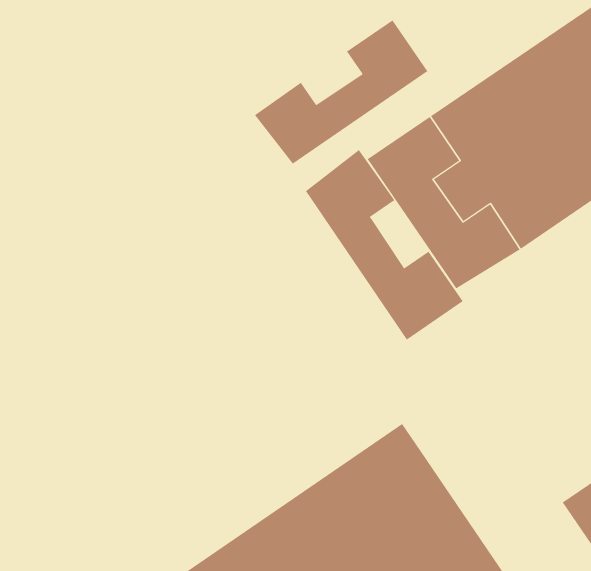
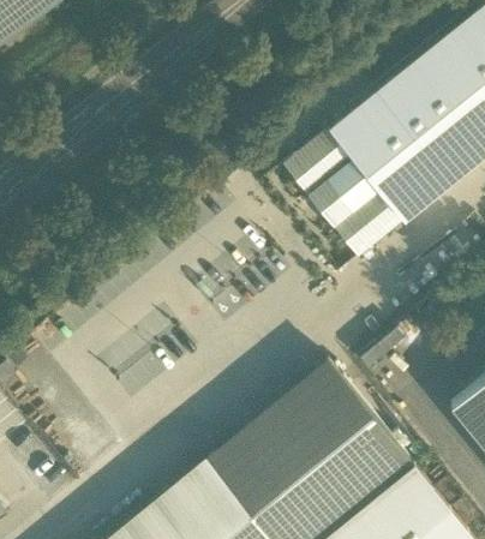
building: [254,19,428,164] -> none
building: [305,149,463,340] -> none

